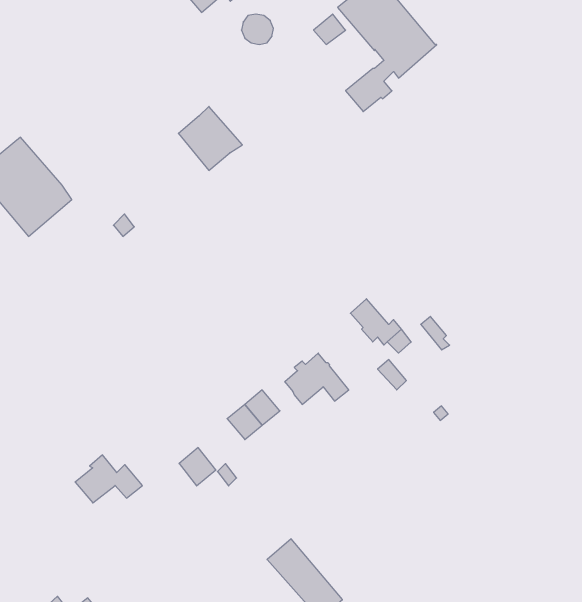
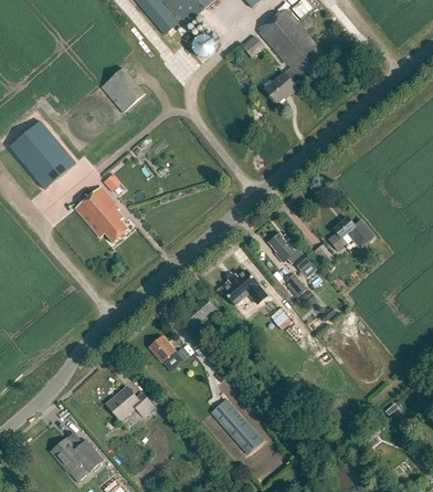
building: [178,106,242,170] -> [101,67,145,112]
building: none -> [74,186,128,242]
building: none -> [328,217,373,250]
building: [75,455,142,503] -> [107,386,154,419]

